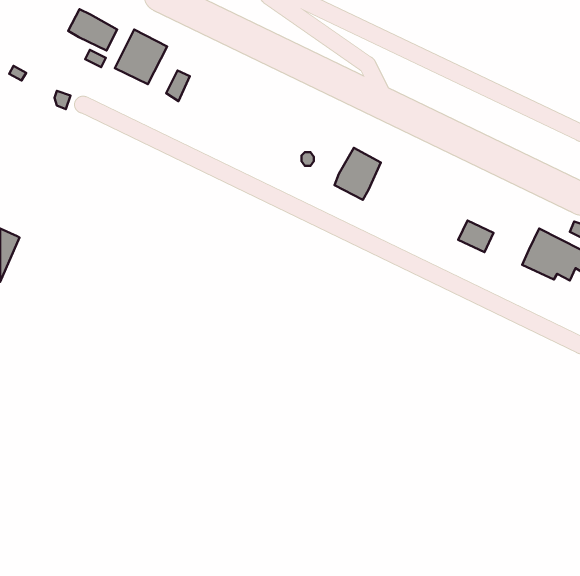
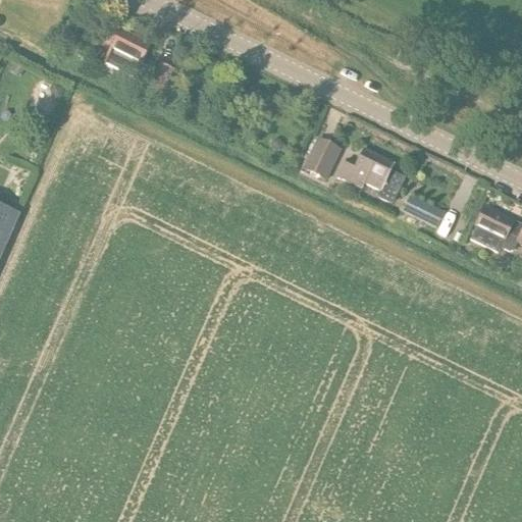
building: [68,9,117,51] -> none
building: none -> [337,148,405,202]

